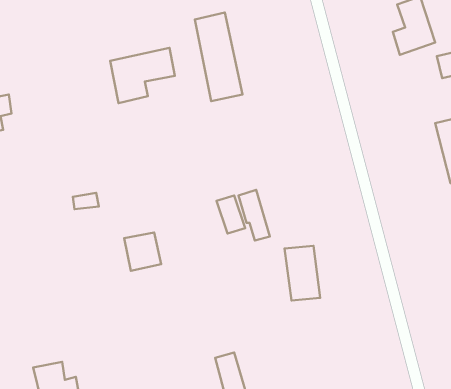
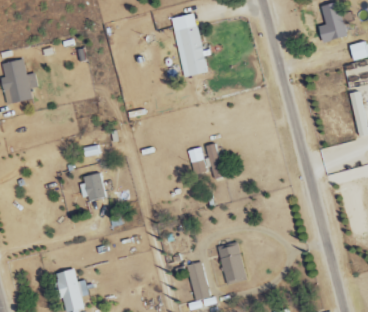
building: [110,48,175,103] -> none
building: [124,233,161,271] -> [80,172,107,200]
building: [285,246,320,300] -> [219,243,245,283]

